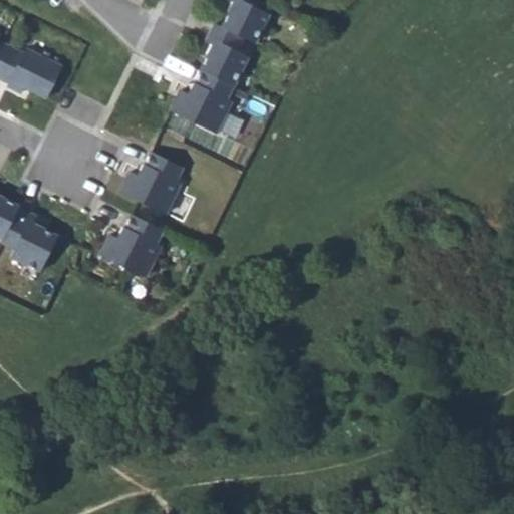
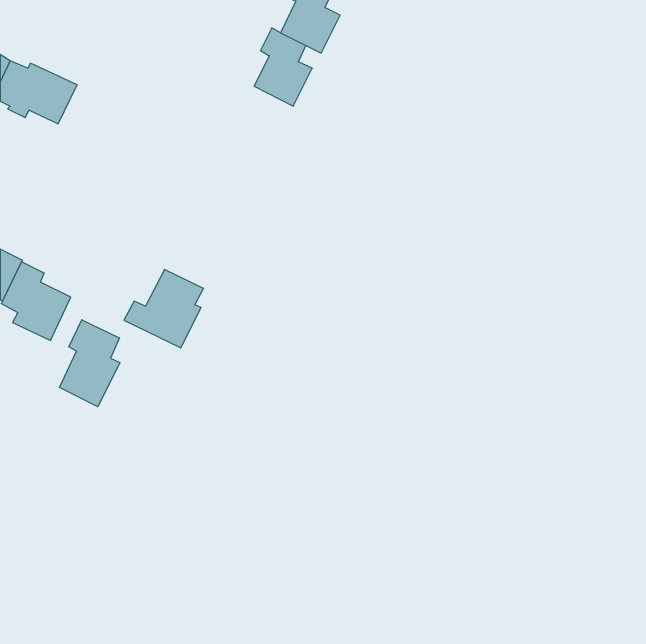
building: [171,68,233,132] -> none
building: [118,152,182,214] -> none
building: none -> [59,320,120,407]

